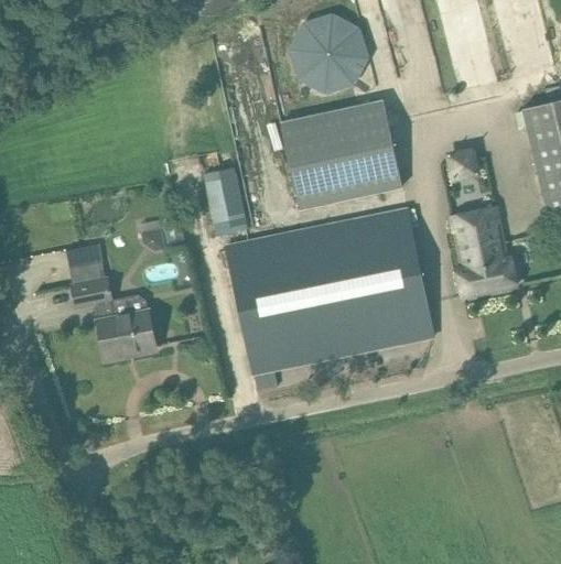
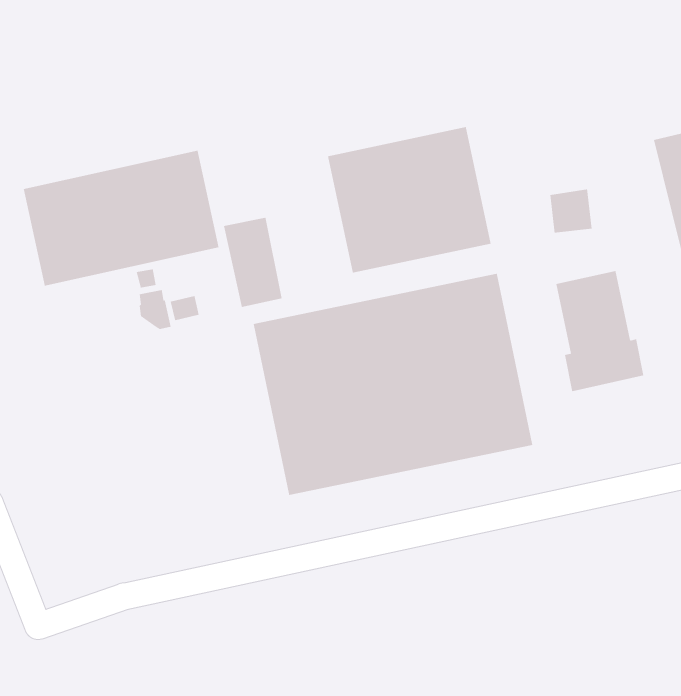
building: [288,12,369,94] -> none
building: none -> [23,150,219,287]
building: [65,243,153,359] -> none

